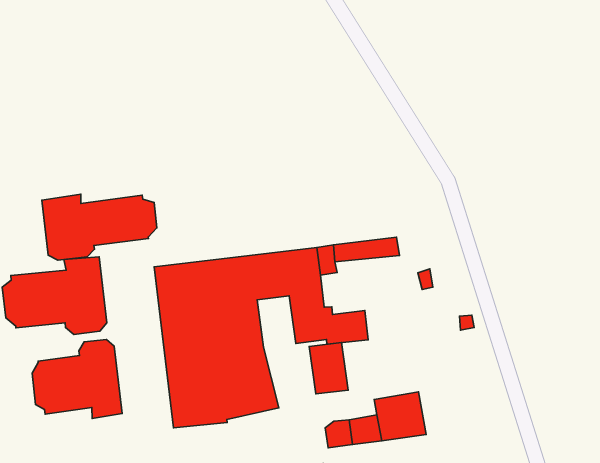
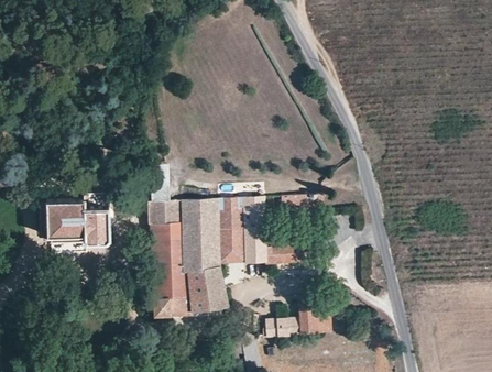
building: [42,194,157,260] -> none
building: [32,340,122,419] -> none
building: [309,343,348,394] -> [219,229,244,264]

